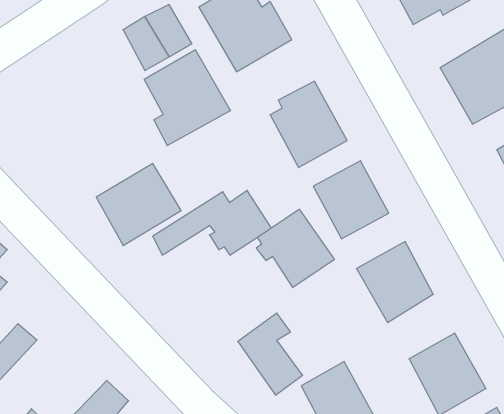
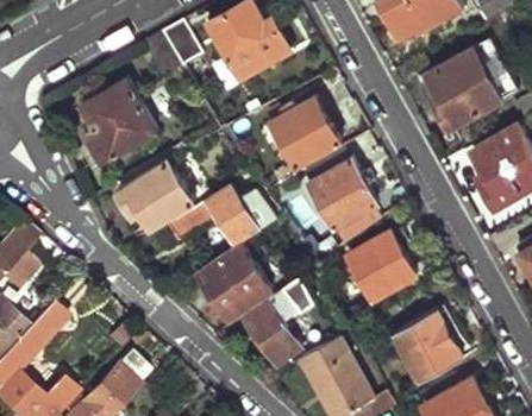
building: [144,50,231,146] -> [82,78,158,163]
building: [256,209,334,287] -> [202,246,271,315]

